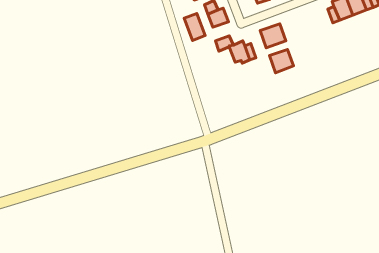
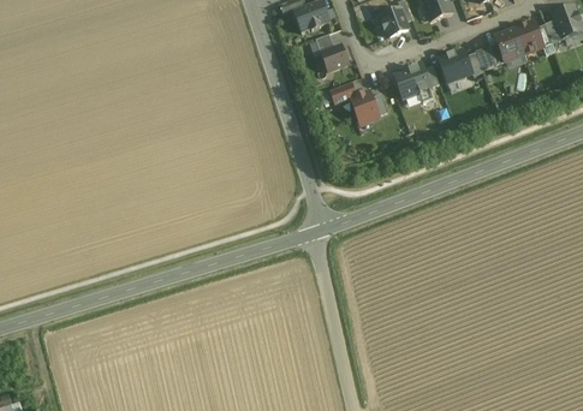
building: [184,14,205,40] -> none
building: [270,50,294,73] -> [439,52,472,84]

